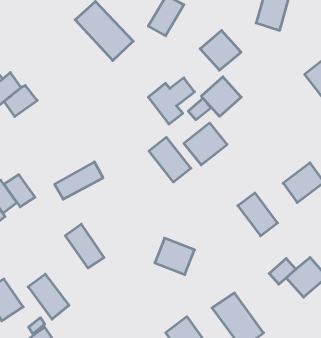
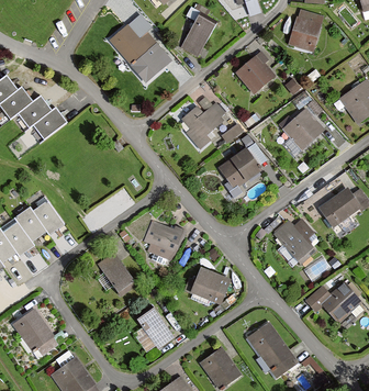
building: [201,77,241,116] -> [282,108,323,148]
building: [149,137,191,182] -> none
building: none -> [142,220,183,260]
building: [28,274,69,319] -> [134,304,176,350]

